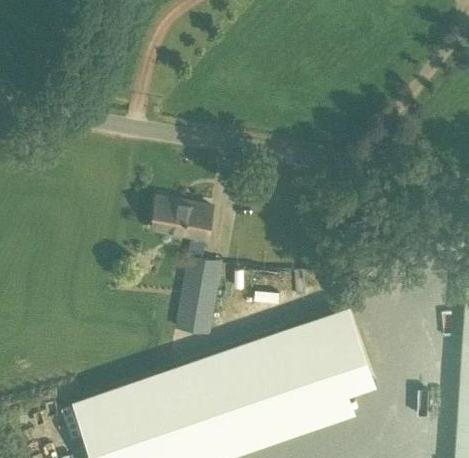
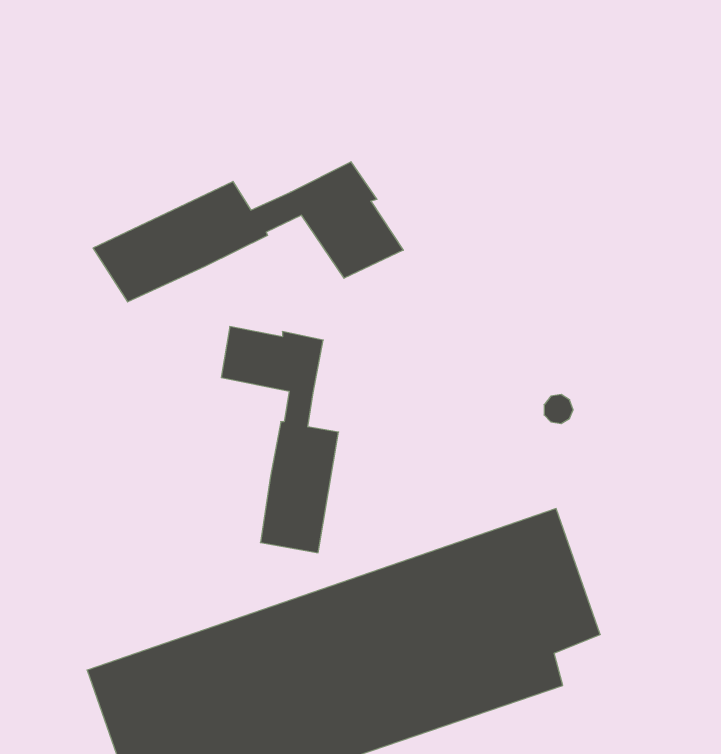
building: none -> [93,162,403,302]

